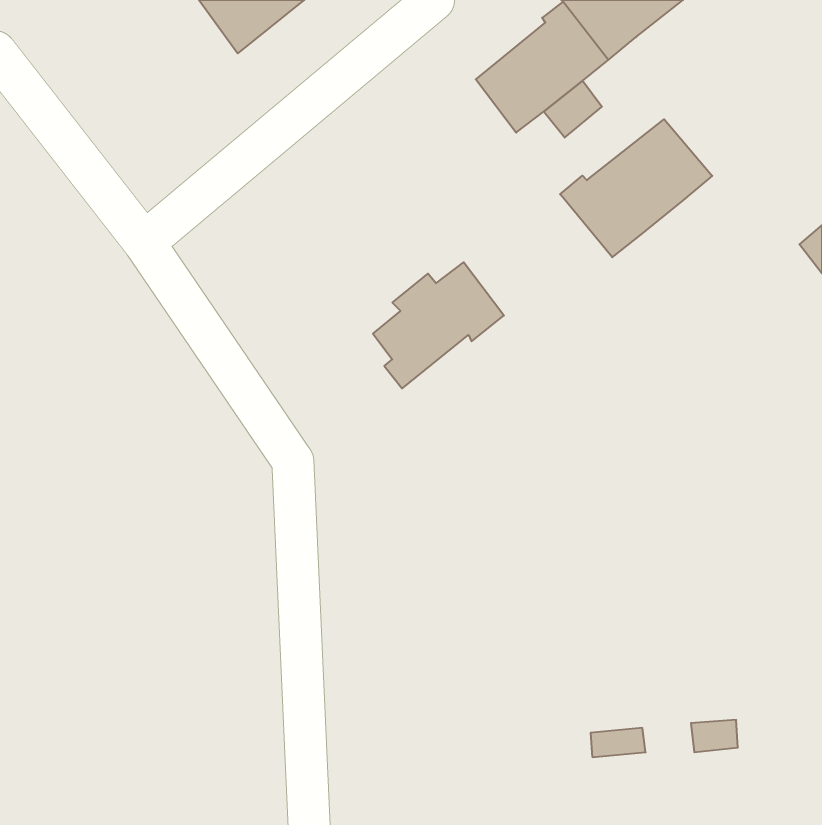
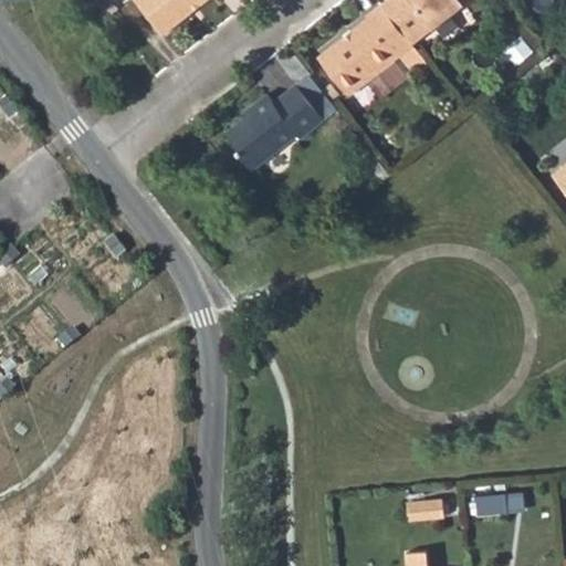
building: [560,119,712,257] -> none
building: [373,262,504,388] -> [235,77,325,164]

